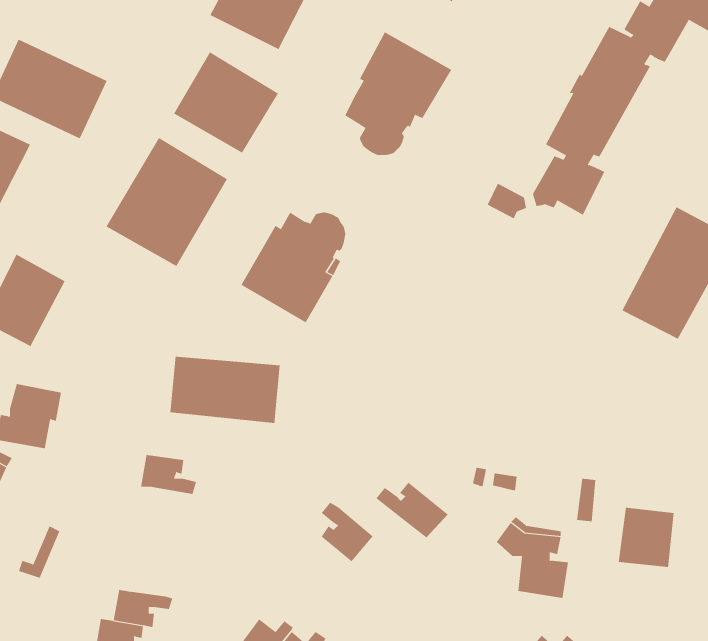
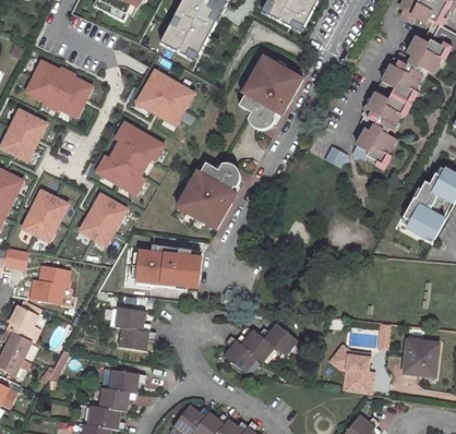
building: none -> [80,192,130,248]
building: none -> [119,327,154,350]
building: none -> [235,330,272,360]
building: none -> [109,370,144,393]

